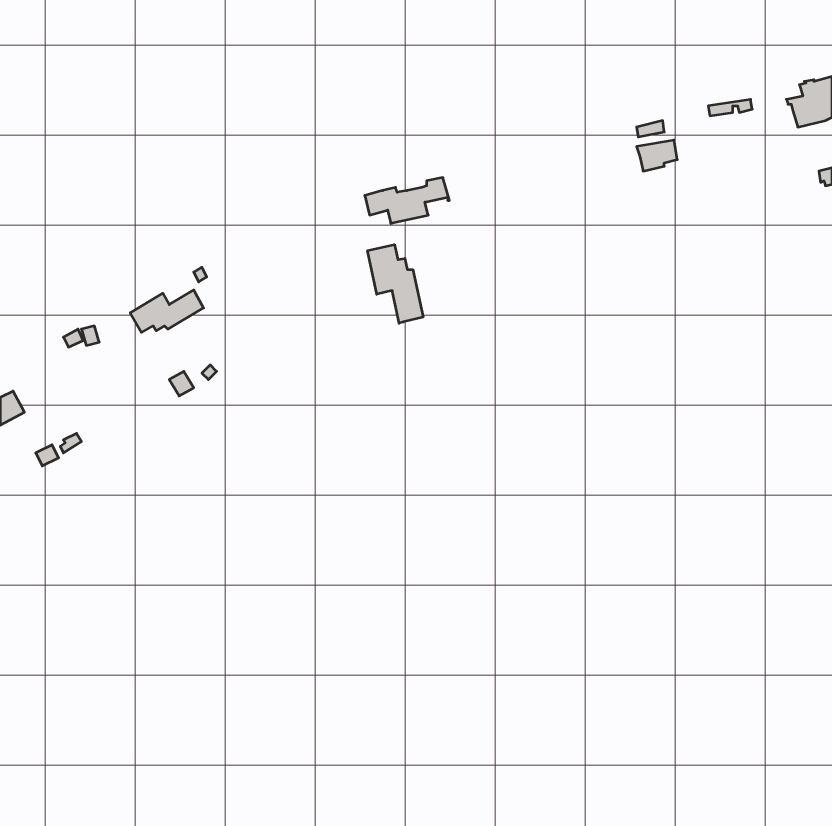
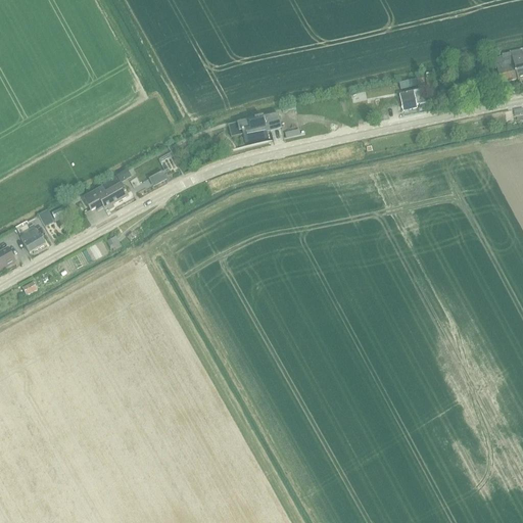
building: [368,245,423,323] -> none
building: none -> [20,222,46,250]

